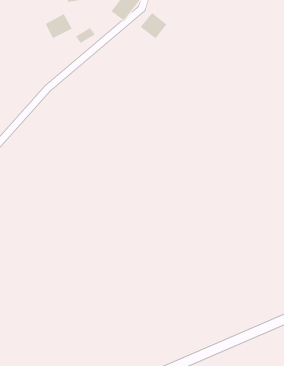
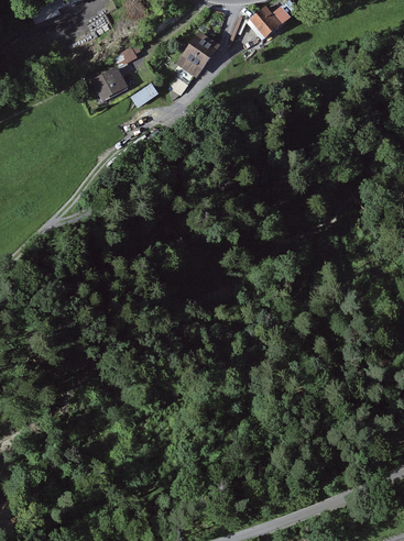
building: [140,12,167,39] -> none

